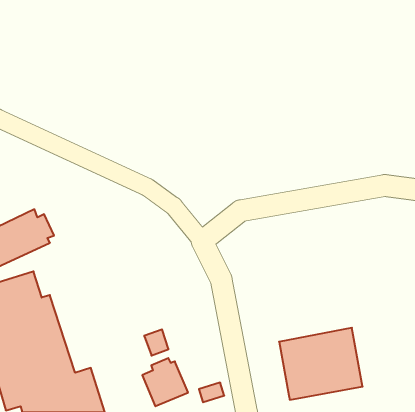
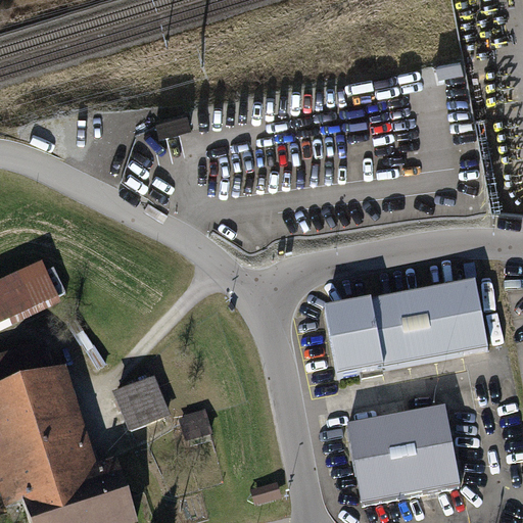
building: none -> [324,281,483,372]
building: [142,358,188,406] -> [120,374,177,434]

